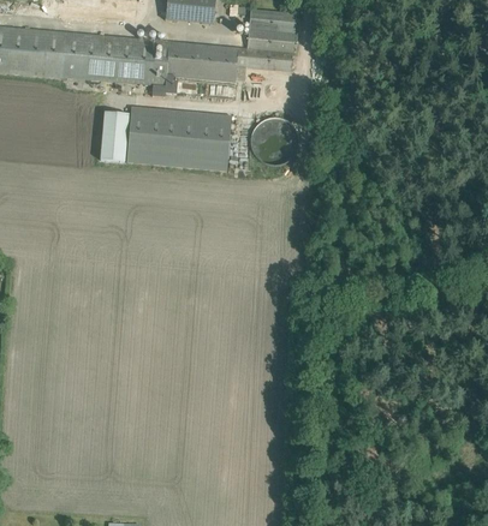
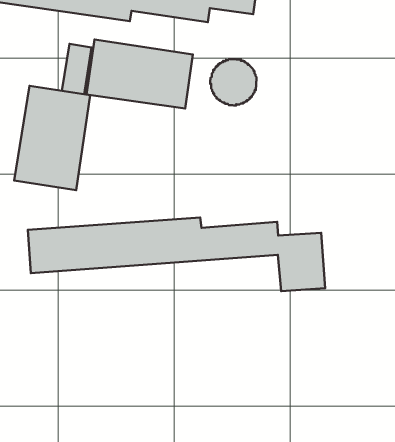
building: none -> [14,86,90,190]
building: none -> [28,217,325,291]

